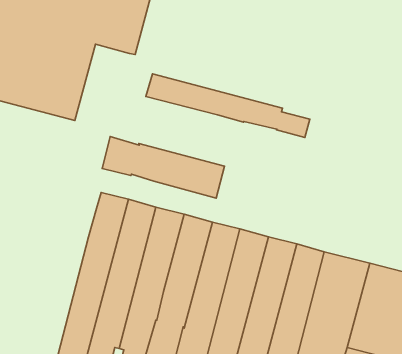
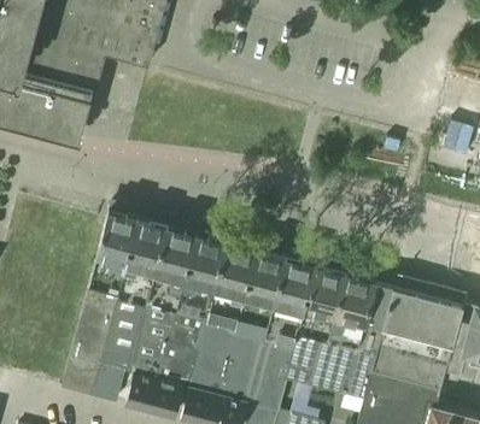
building: [146,74,310,137] -> none
building: [102,137,224,198] -> none

